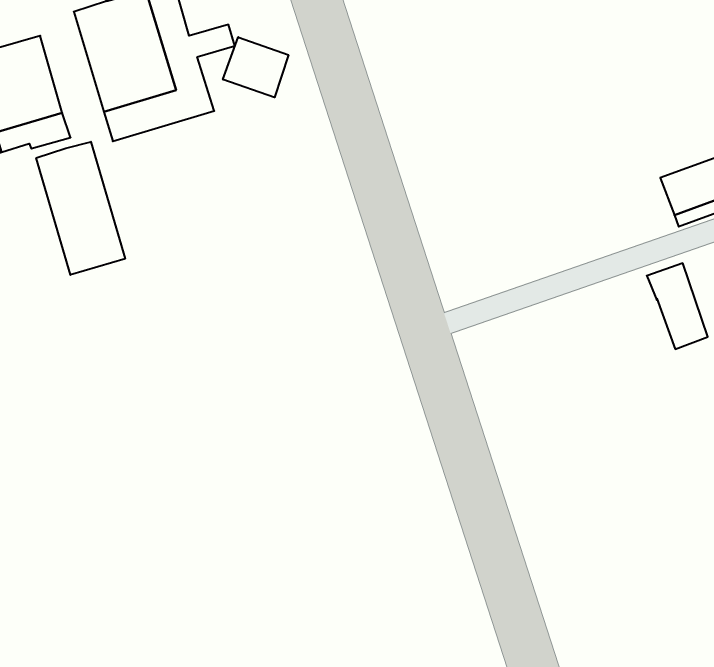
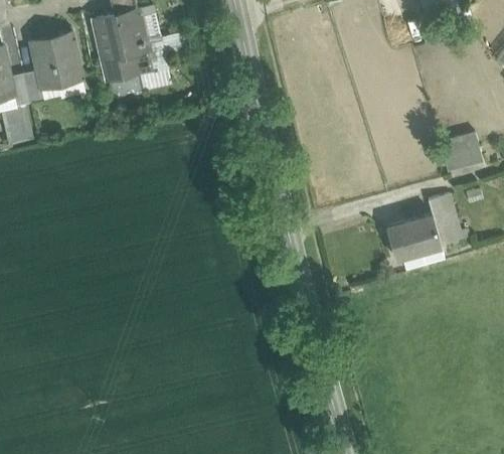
building: [223,37,288,97] -> none
building: [36,142,125,275] -> none
building: none -> [384,213,442,267]

